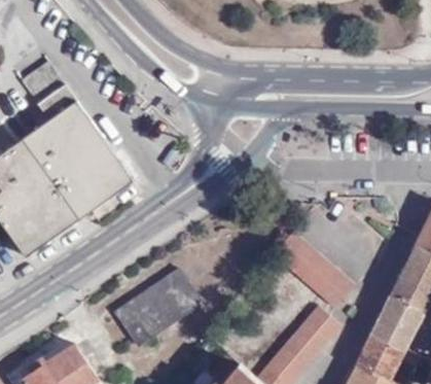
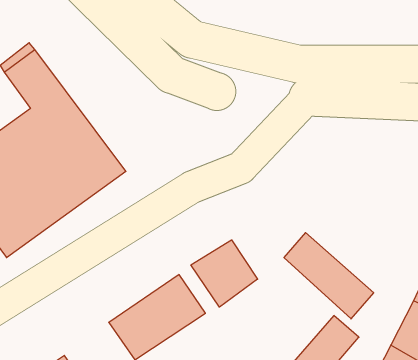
building: none -> [191,240,258,307]

